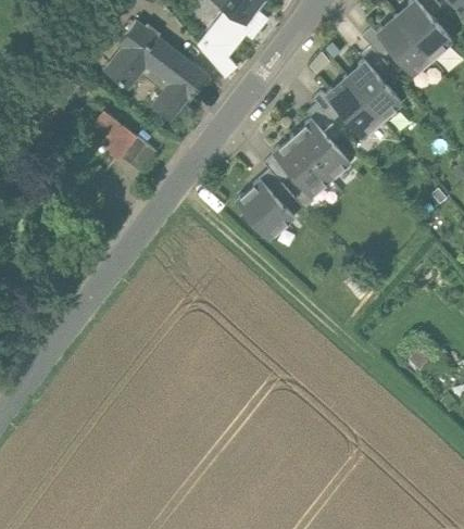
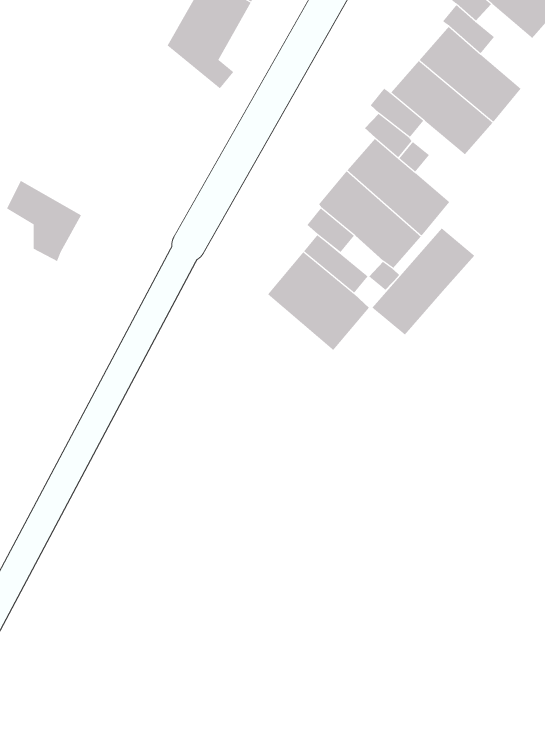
building: [106,22,210,119] -> none
building: [118,137,154,173] -> none
building: none -> [371,228,475,336]

